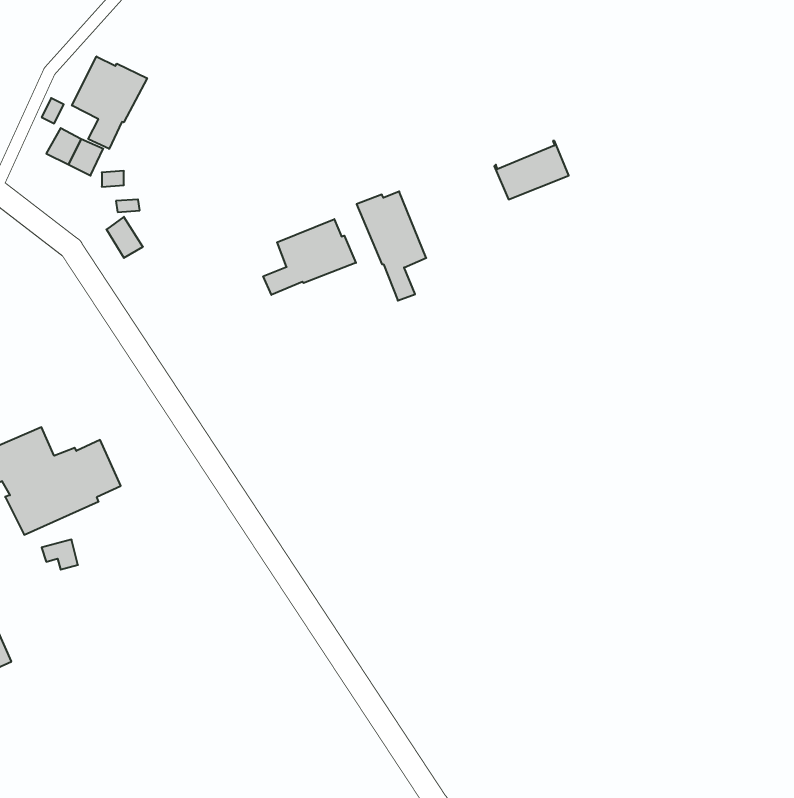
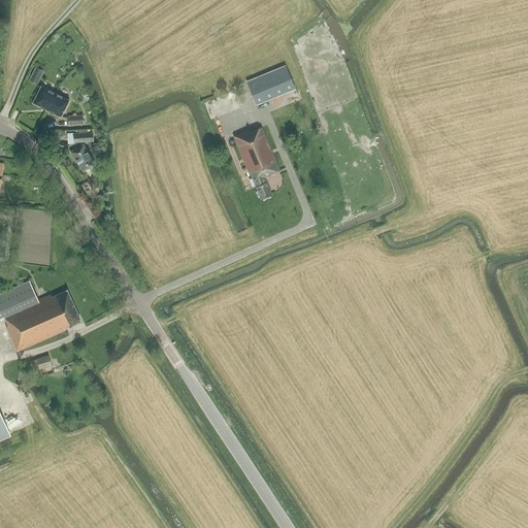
building: [72,56,147,149] -> none
building: [494,141,569,199] -> [245,65,294,103]
building: [263,219,356,295] -> none

